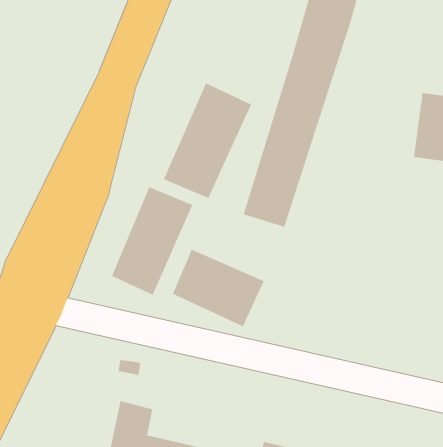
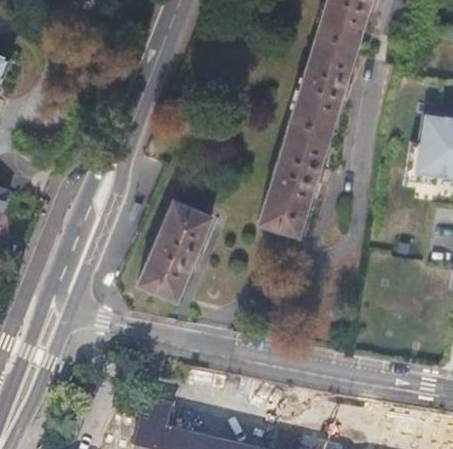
building: [163,83,252,199] -> none
building: [172,249,265,327] -> none

